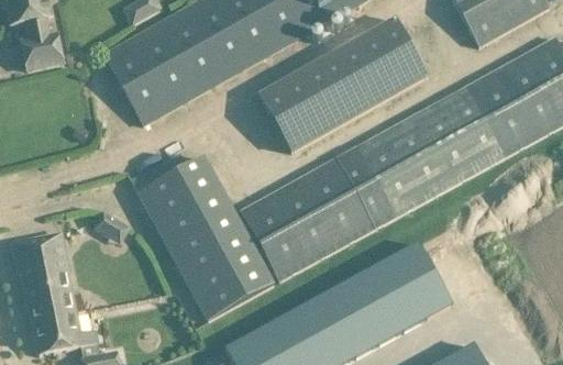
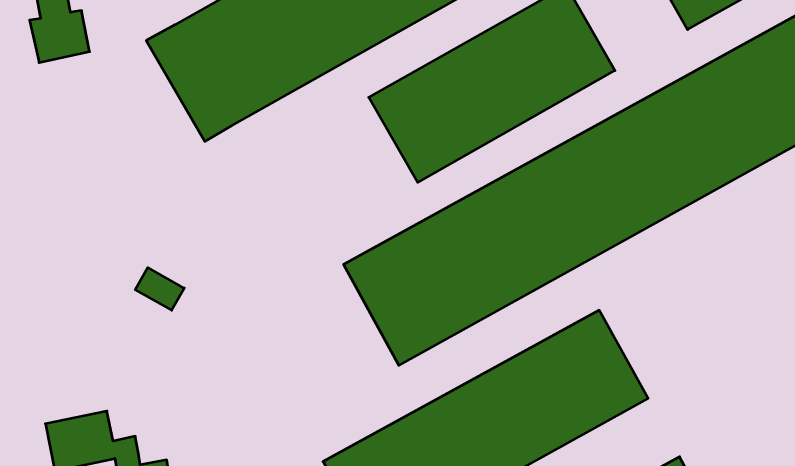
building: [139,156,276,321] -> none
building: [14,232,86,321] -> none

